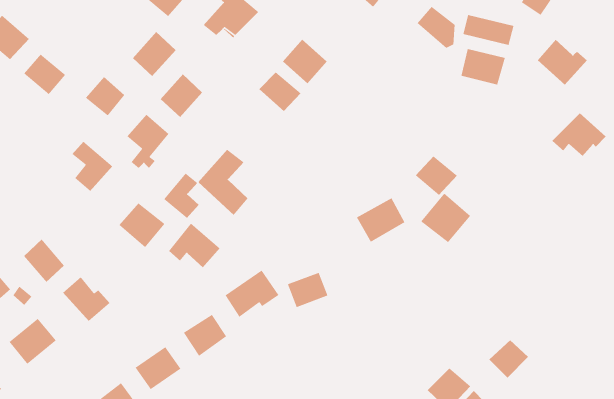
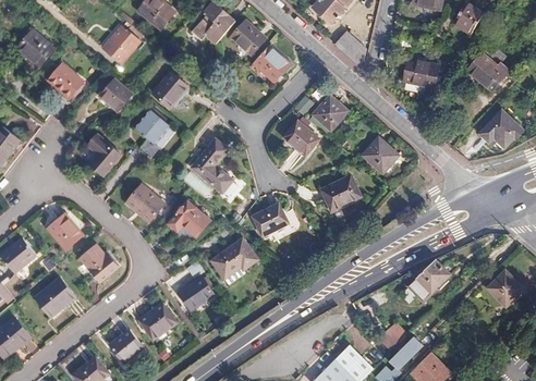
building: [417,6,455,49] -> [334,32,366,66]
building: [462,14,514,46] -> none
building: [132,31,176,77] -> [106,30,142,67]
building: [258,72,301,112] -> [236,27,271,60]
building: none -> [316,101,351,137]
building: none -> [285,126,320,160]
building: [163,173,199,219] -> none
building: [420,193,471,243] -> none
building: [287,272,328,308] -> [253,207,287,236]
building: none -> [488,272,523,307]
building: [489,339,529,378] -> [416,260,449,292]

